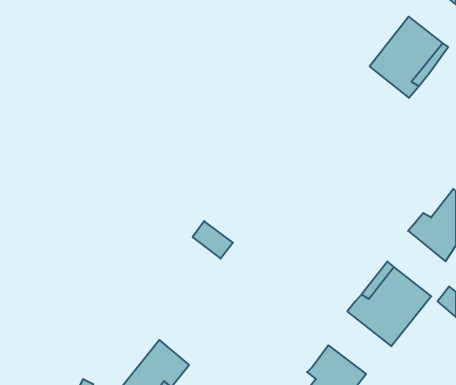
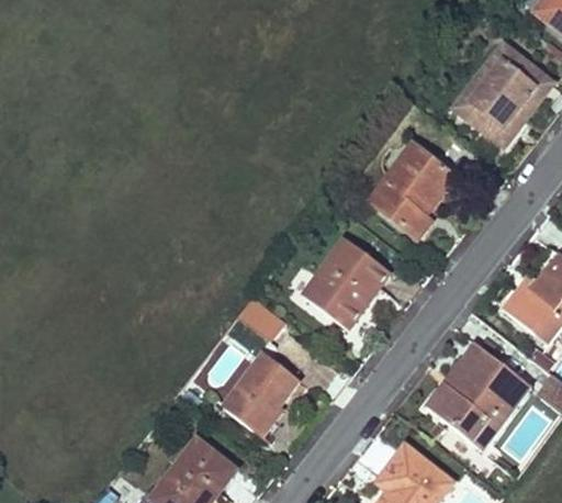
building: none -> [370,144,449,237]
building: none -> [302,239,387,325]
building: none -> [222,353,297,429]

